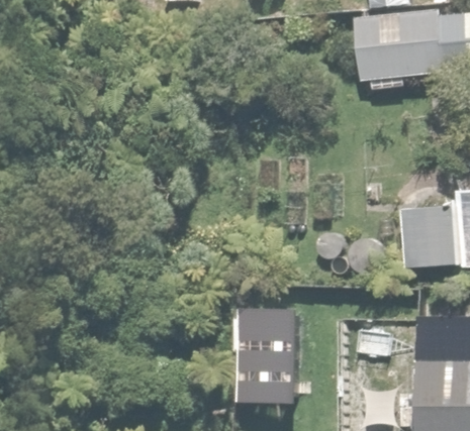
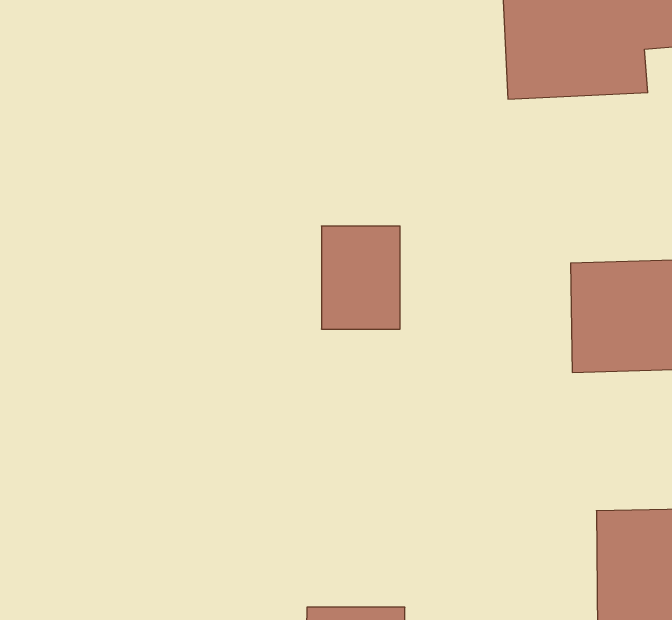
building: [215,307,291,408] -> none

